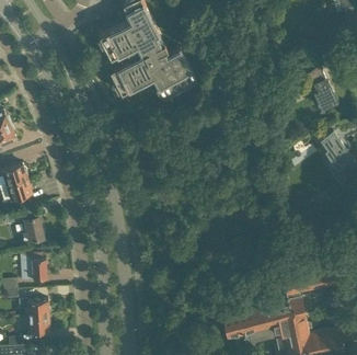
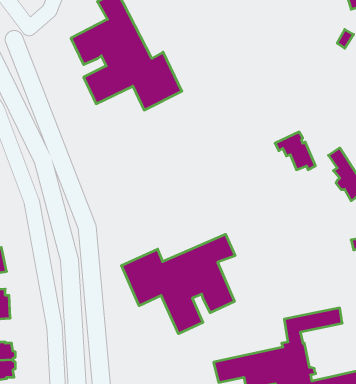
building: [300,72,335,105] -> [275,132,315,170]
building: none -> [121,234,235,334]

